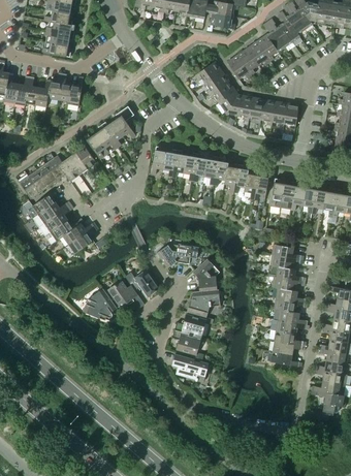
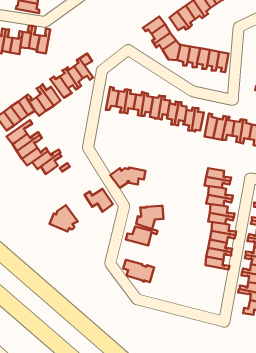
building: [192,259,219,291] -> none
building: [107,281,145,310] -> none
building: [172,330,203,359] -> none

